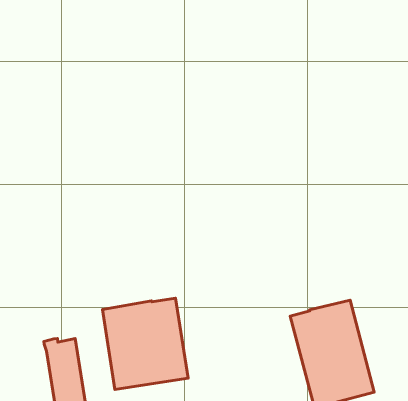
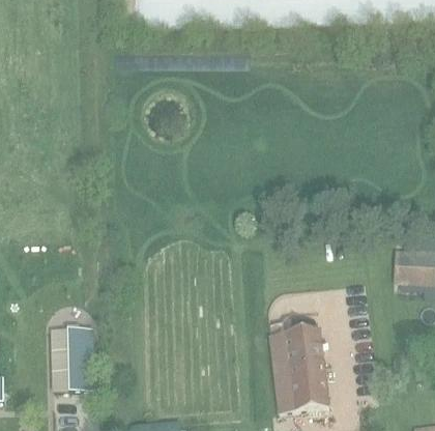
building: [102,298,188,389] -> none

